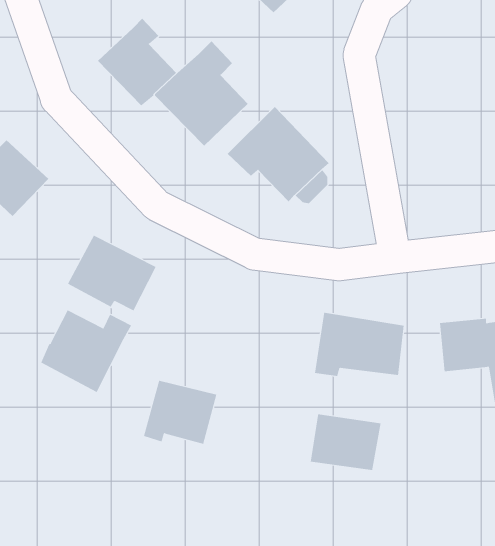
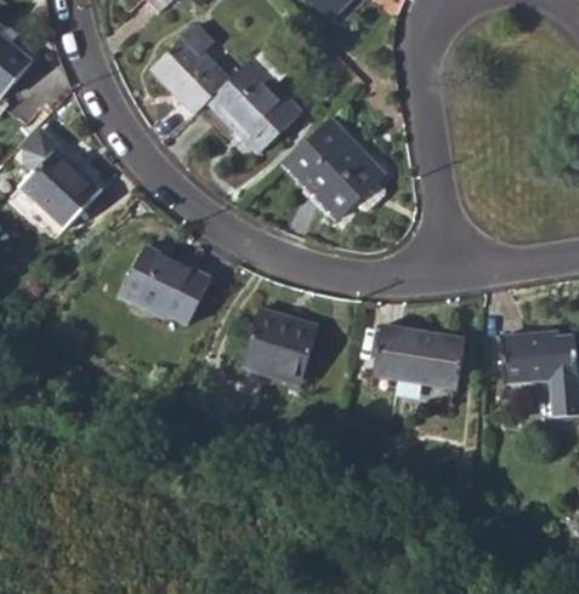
building: [41,309,132,393] -> none
building: [143,380,217,445] -> [242,310,317,376]
building: [310,413,381,471] -> none

